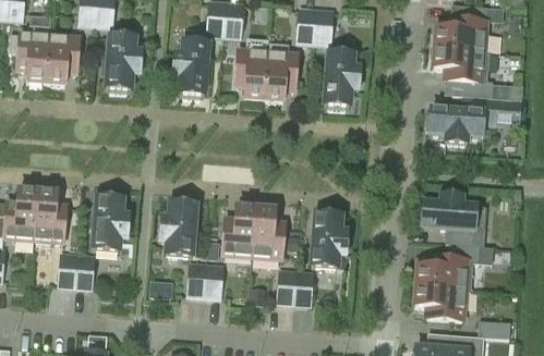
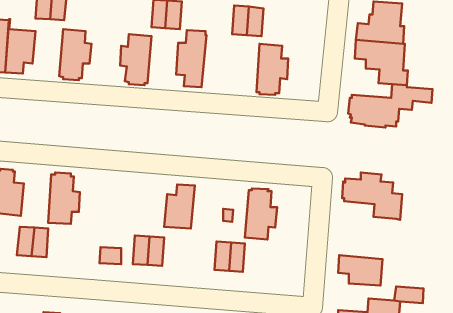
building: [264,41,298,101] -> none
building: [160,199,195,256] -> none
building: [252,208,285,258] -> none
building: [416,243,480,291] -> none

